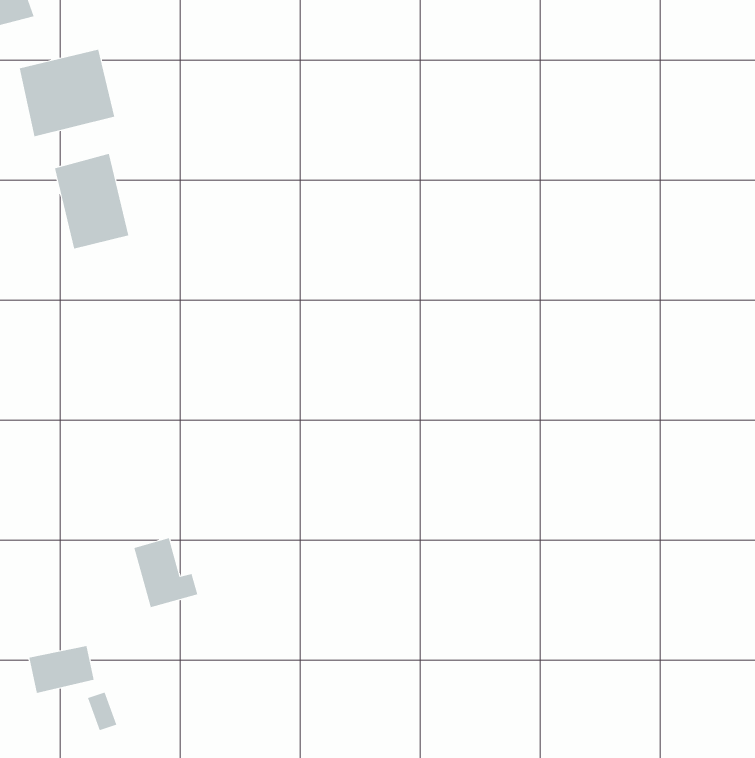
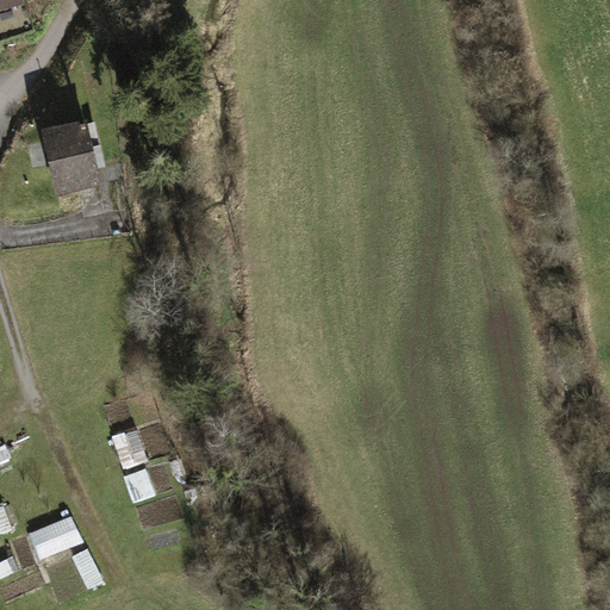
building: [19,49,115,137] -> none

